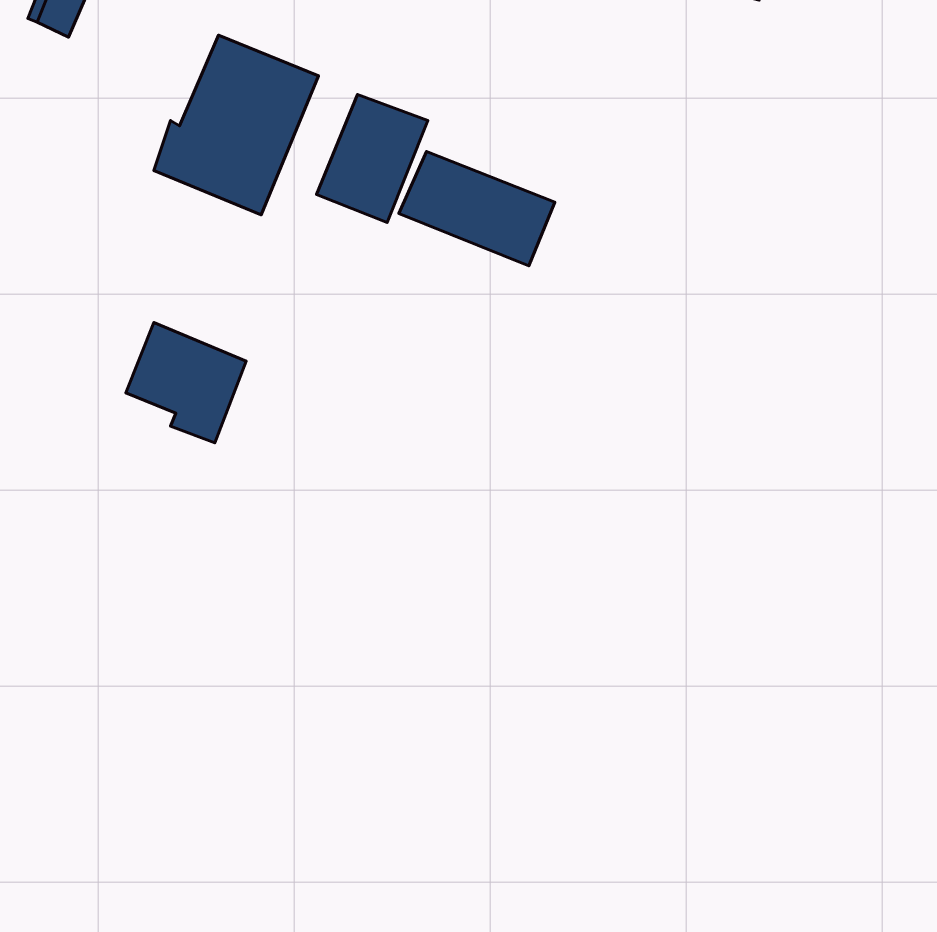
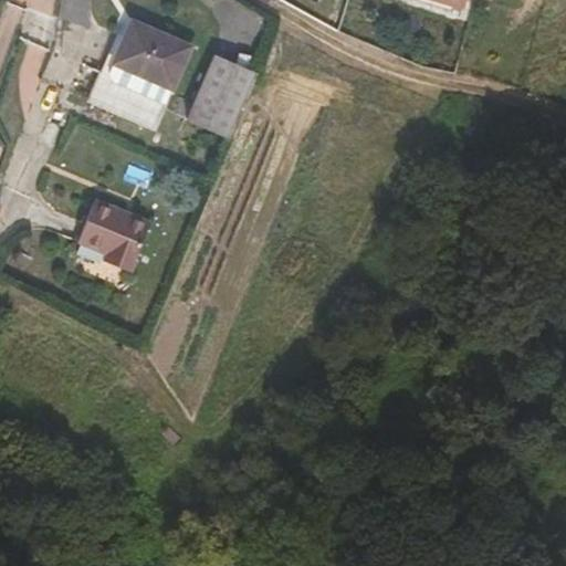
building: [399,151,555,266] -> none

